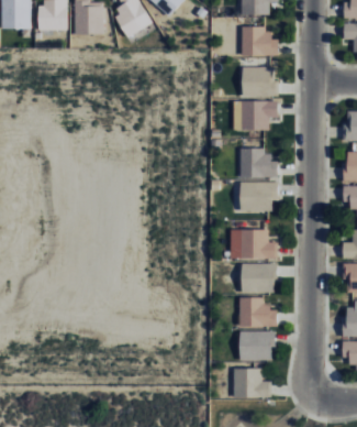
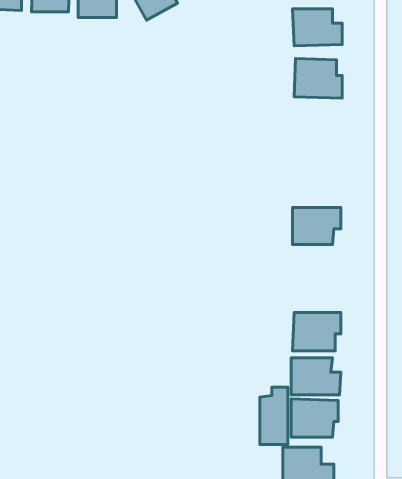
building: [233,100,279,130] -> none
building: [239,149,278,177] -> none
building: [230,229,278,259] -> none
building: none -> [260,387,288,445]

